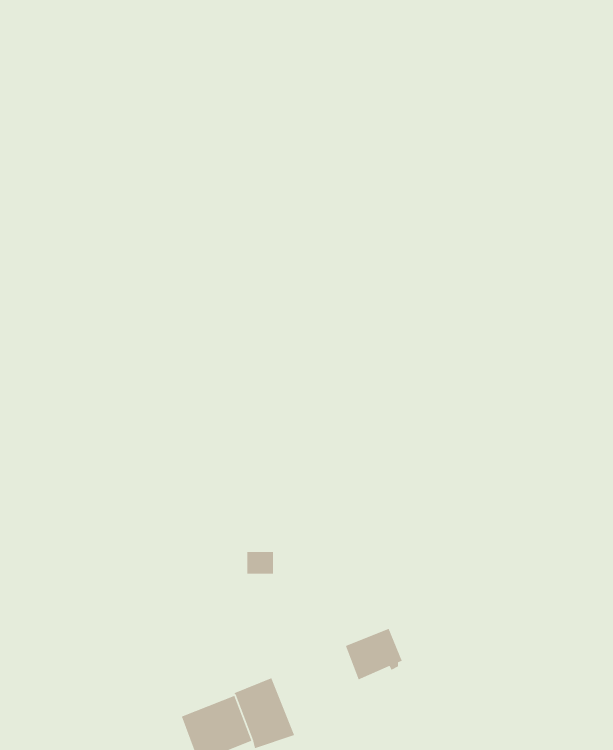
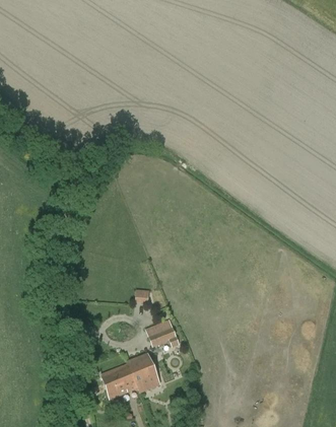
building: [345,628,403,680] -> [146,319,177,347]

